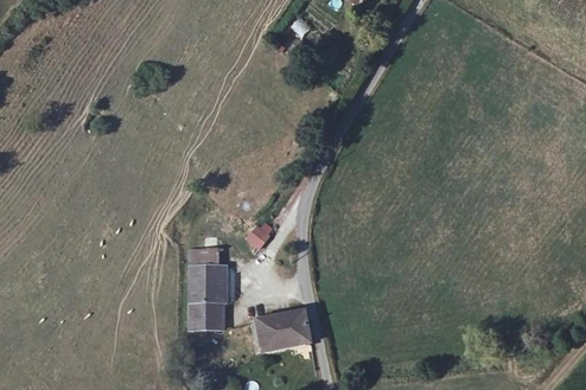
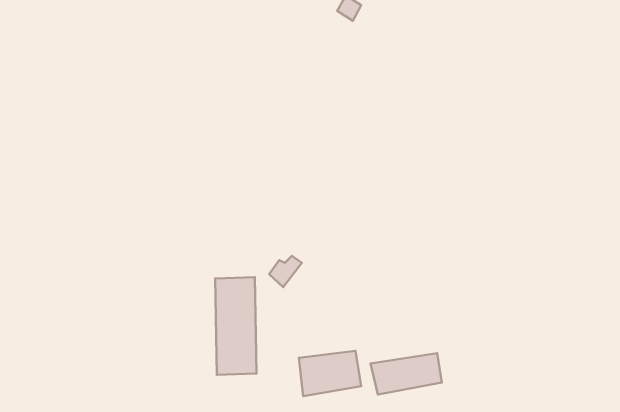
building: none -> [371,353,442,395]

